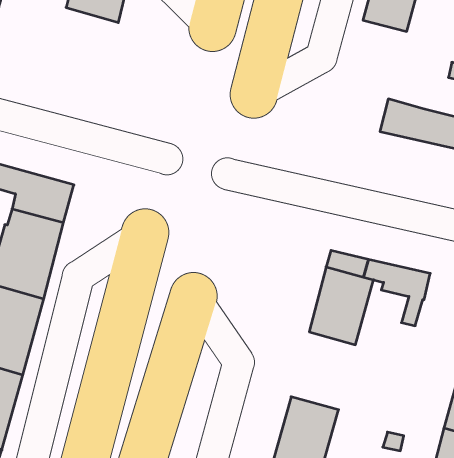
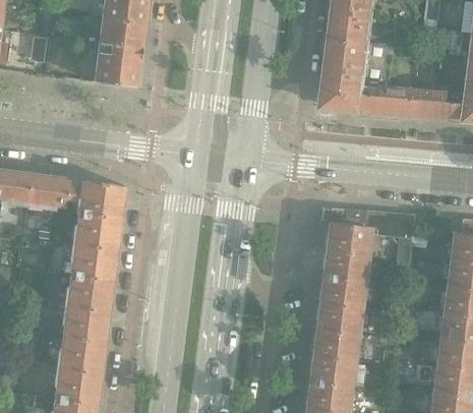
building: none -> [94,49,141,87]
building: none -> [322,26,395,112]
building: none -> [317,277,362,335]

